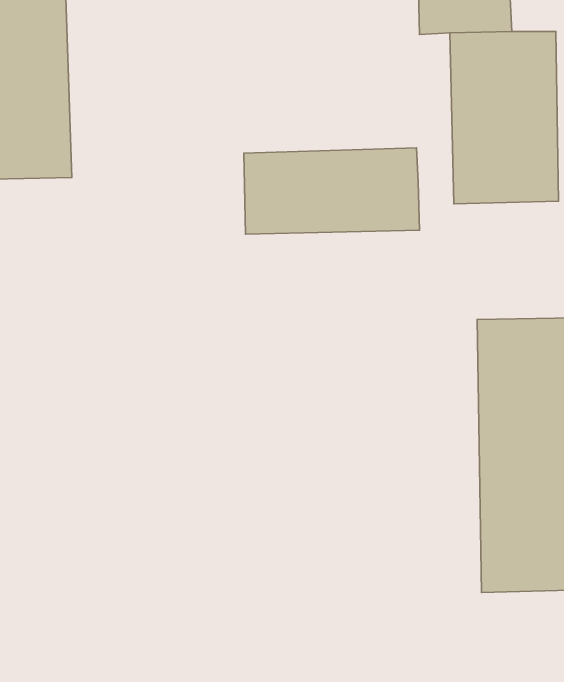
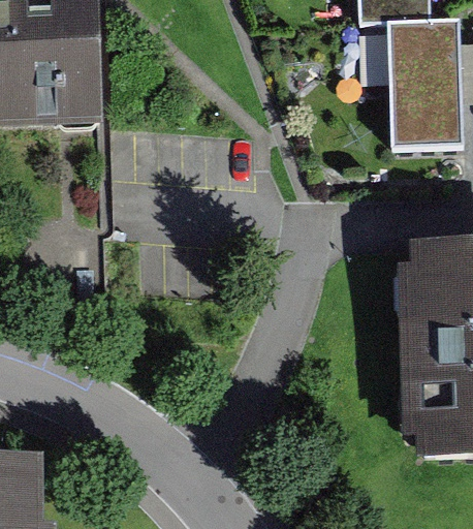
building: [244,148,420,234] -> none

